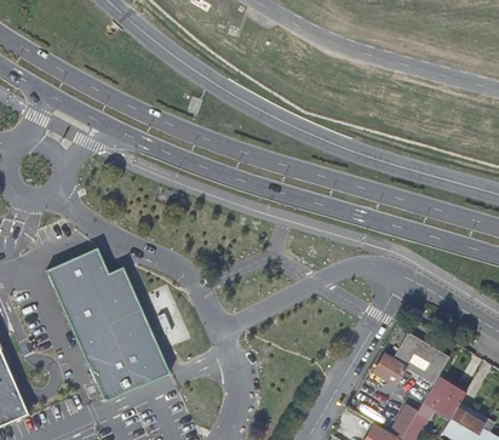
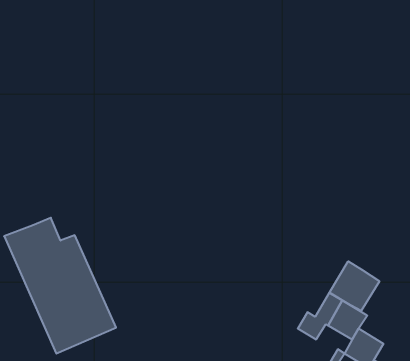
building: none -> [329,261,379,311]

